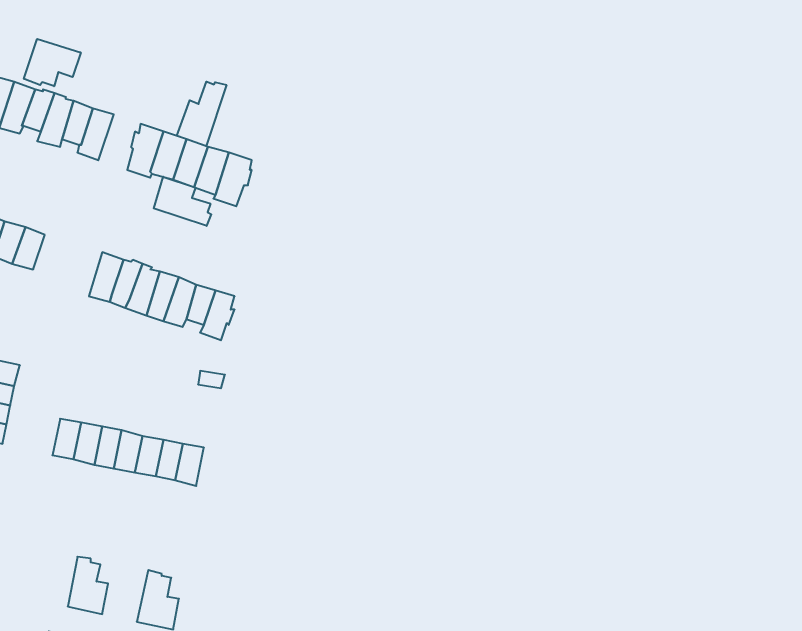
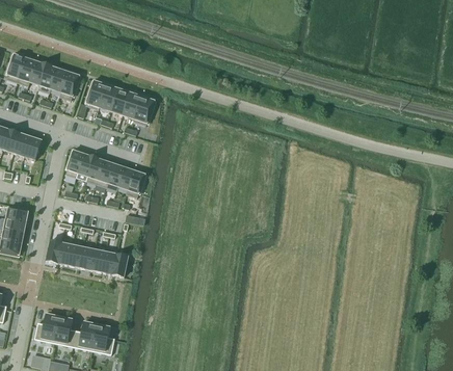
building: [24,39,81,86] -> none
building: [177,82,226,146] -> none
building: [154,177,211,226] -> none
building: none -> [34,313,59,342]
building: none -> [73,321,98,350]

